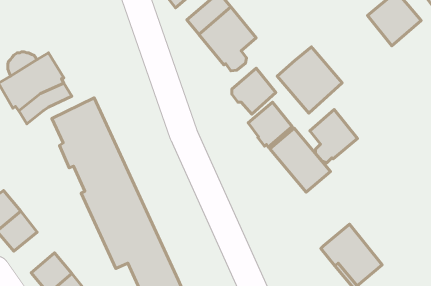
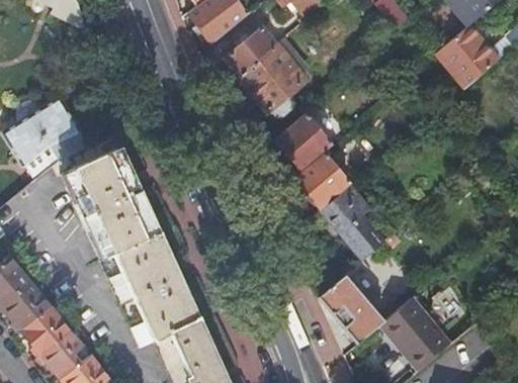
building: [277,47,342,113] -> none
building: [310,110,358,163] -> none
building: none -> [321,275,385,344]
building: none -> [23,306,71,354]

